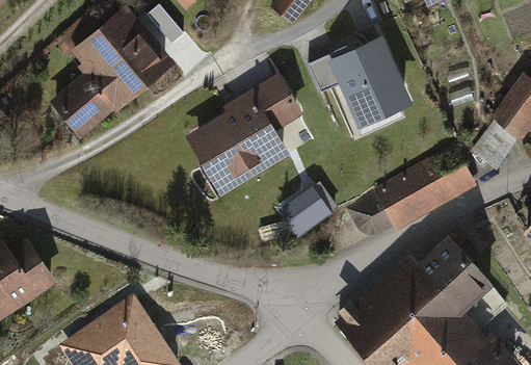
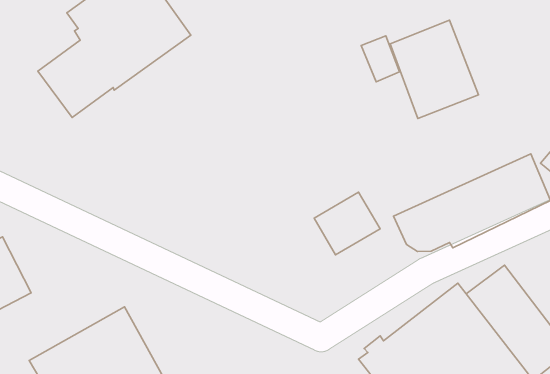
building: [182,74,300,198] -> none

